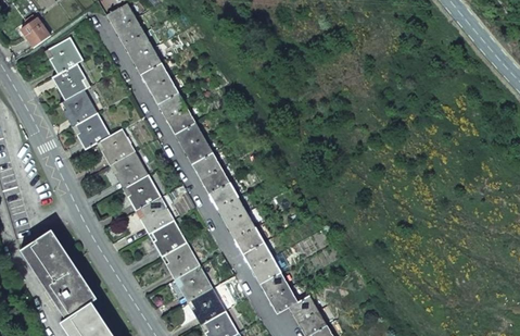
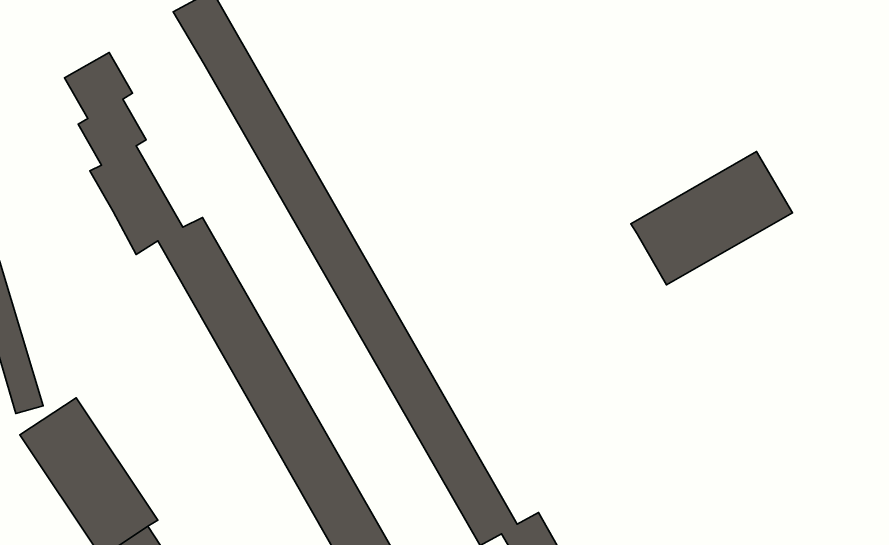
building: [21,18,50,48] -> none
building: none -> [631,152,792,285]

